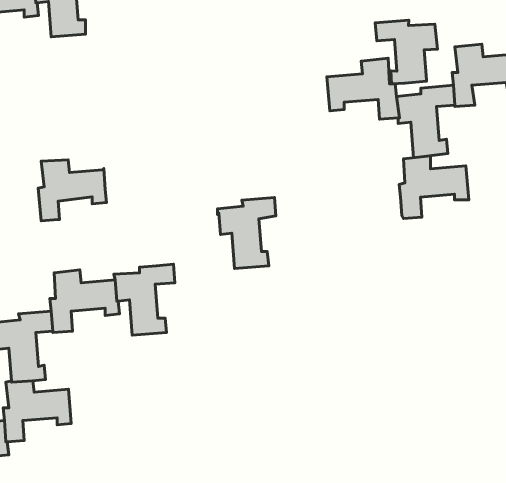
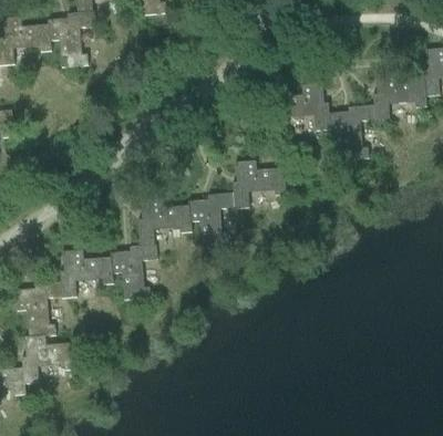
building: [375,20,438,84] -> none
building: [399,156,469,218] -> [233,159,287,208]
building: [38,160,107,221] -> [140,197,193,245]

